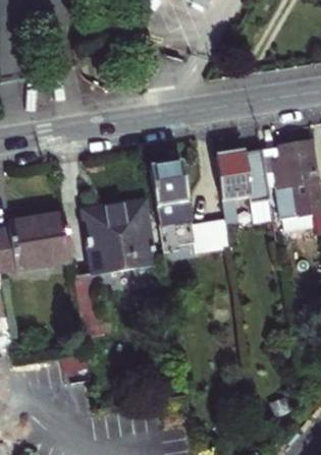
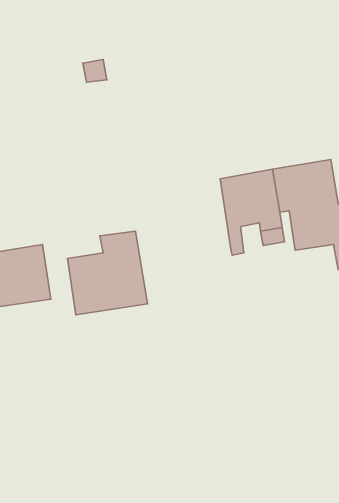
building: [151,163,230,252] -> none

